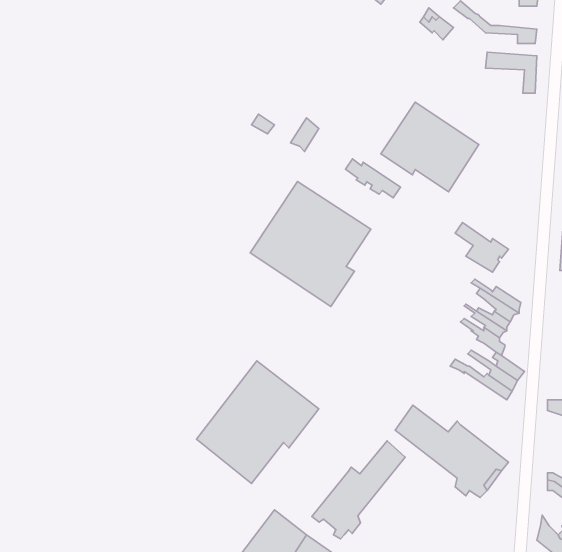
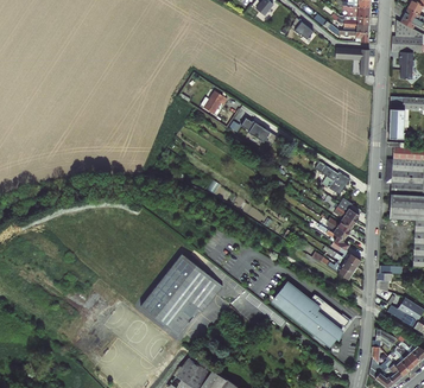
building: [381,102,479,192] -> none
building: [250,182,371,307] -> none
building: [312,441,405,539] -> none

